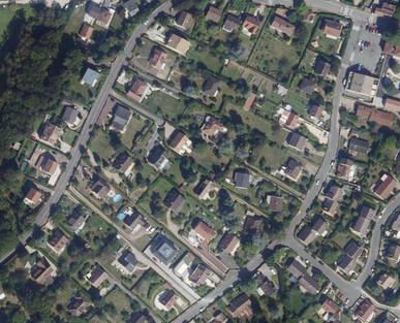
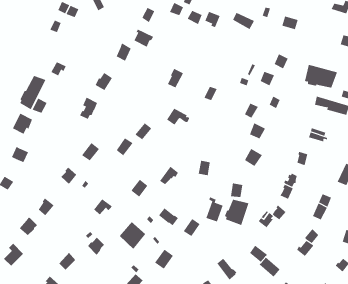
building: none -> [19,75,46,110]
building: none -> [224,199,249,226]

